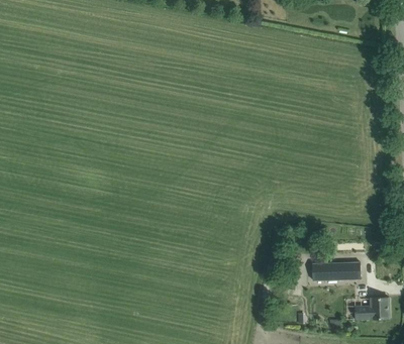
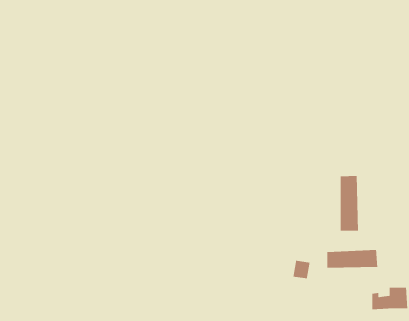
building: none -> [340,175,359,232]

